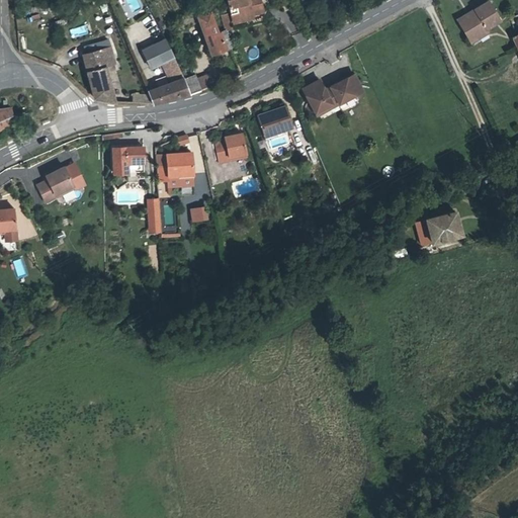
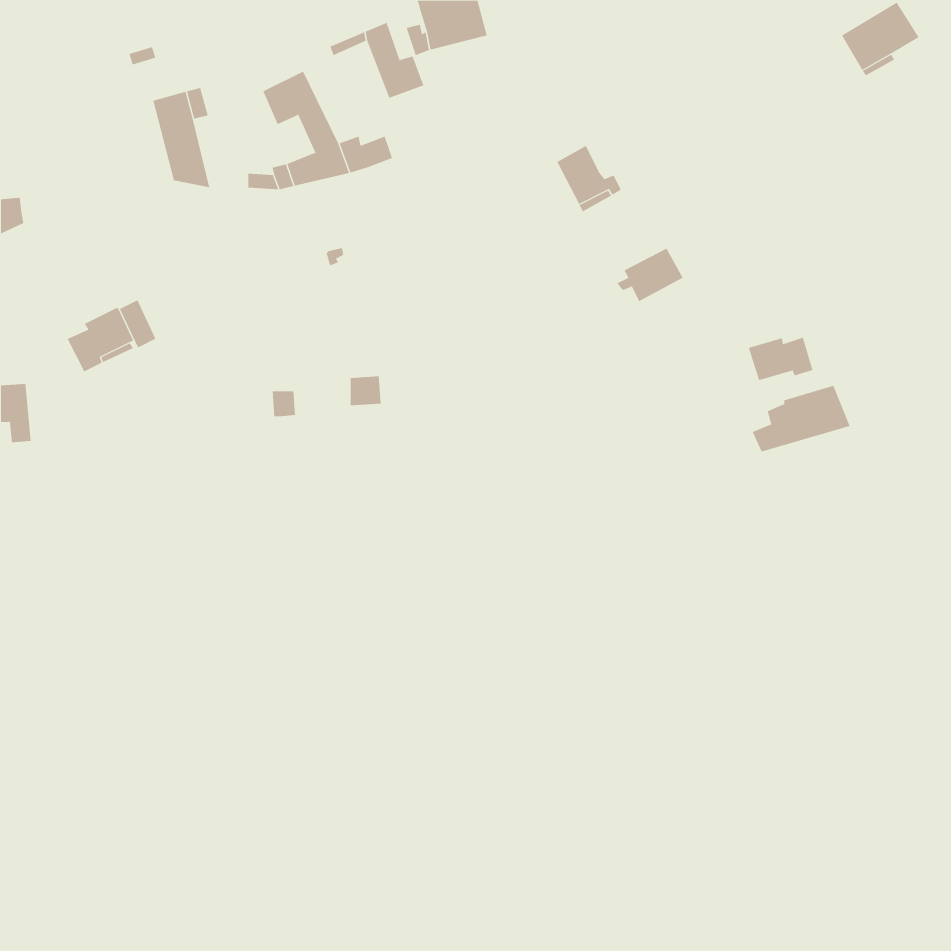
building: [326,74,362,103] -> [616,248,683,302]
building: [257,106,292,139] -> none
building: [214,133,246,162] -> none
building: [112,147,144,173] -> none
building: [156,153,194,187] -> none
building: none -> [749,337,813,381]

